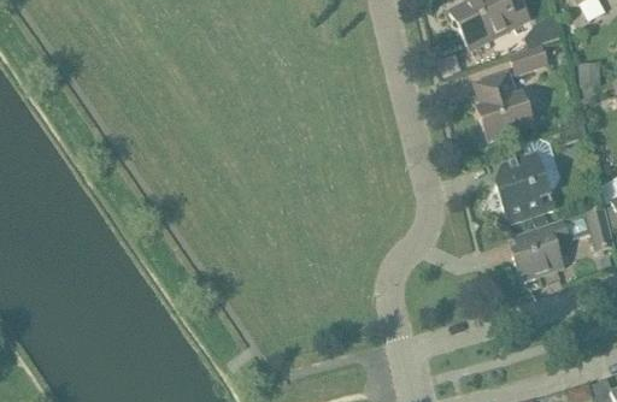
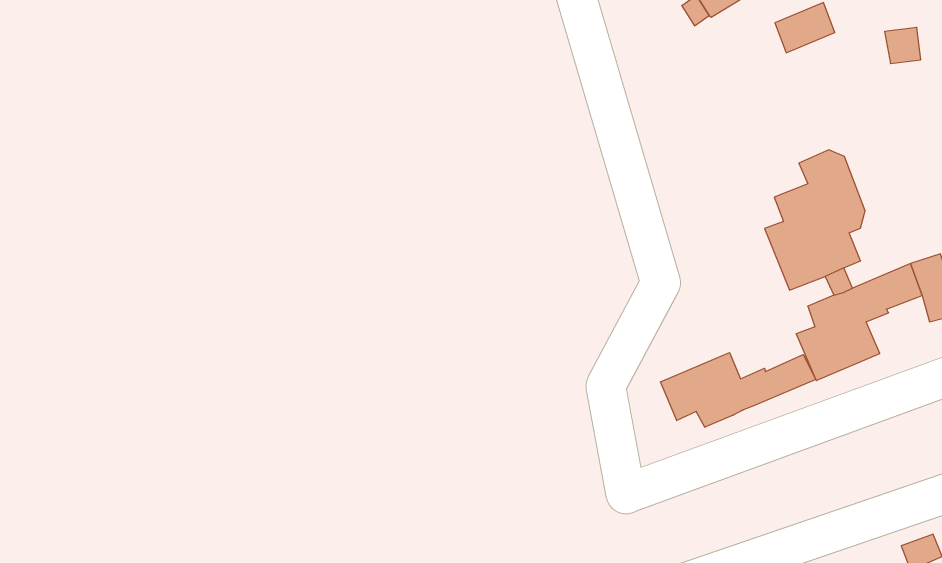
building: [475,71,534,140] -> none
building: none -> [661,353,816,427]

